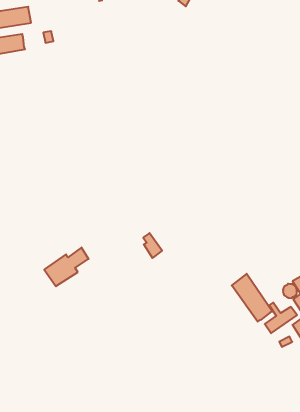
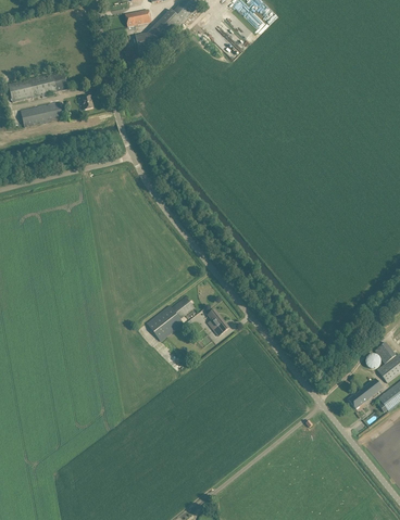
building: [44,247,89,286] -> [147,295,195,340]
building: [232,274,273,322] -> none

